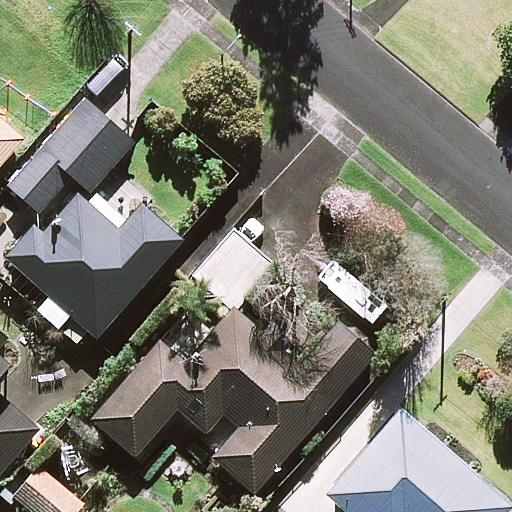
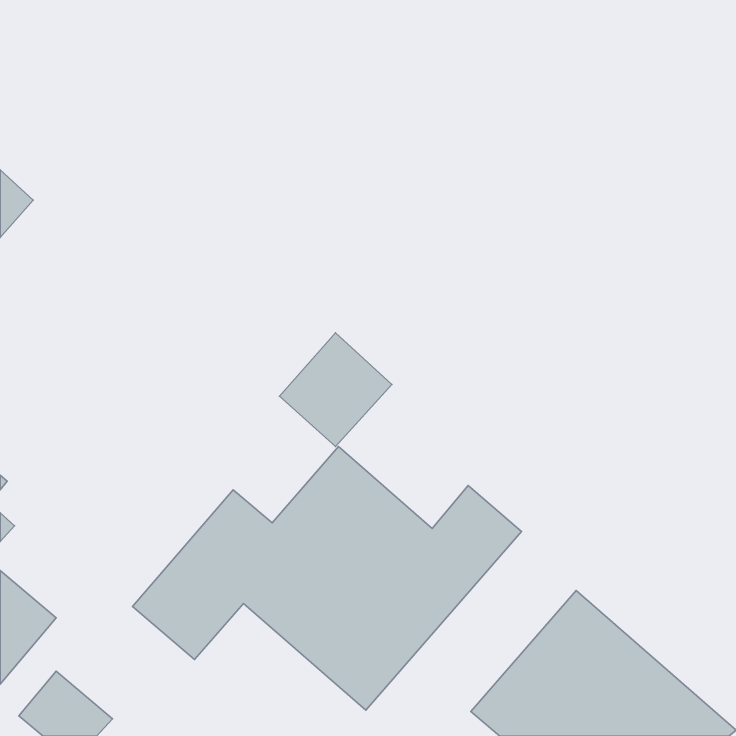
building: [8,99,134,212] -> none
building: [6,197,183,337] -> none

